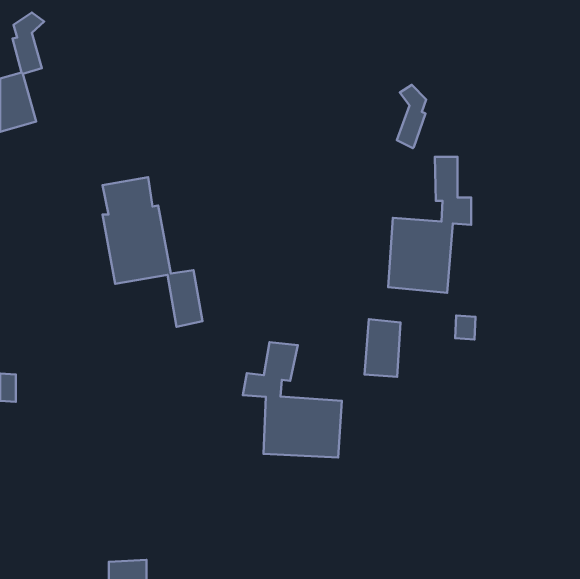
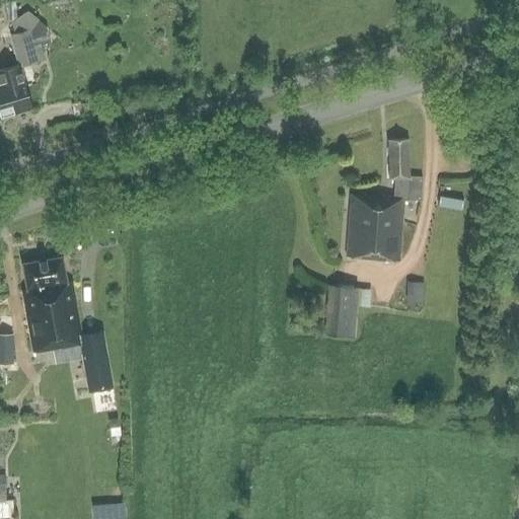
building: [397,85,426,148] -> none
building: [103,177,203,327] -> [22,257,112,391]
building: [243,342,342,457] -> none

